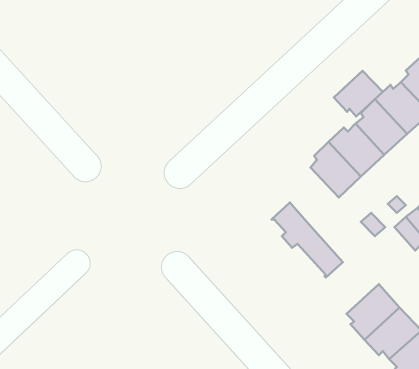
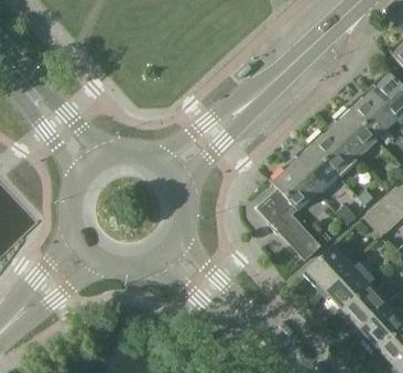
building: [334,71,383,117] -> none
building: none -> [270,165,317,213]
building: none -> [304,245,351,289]

